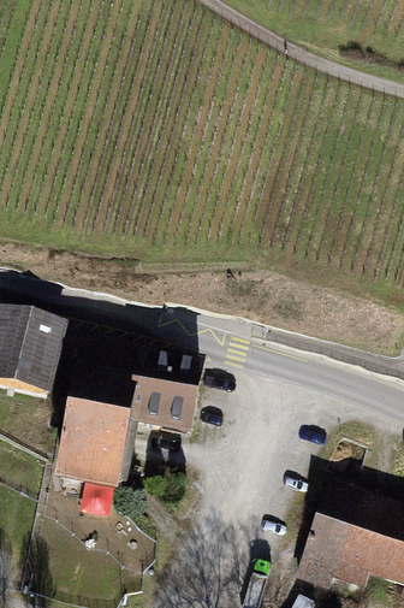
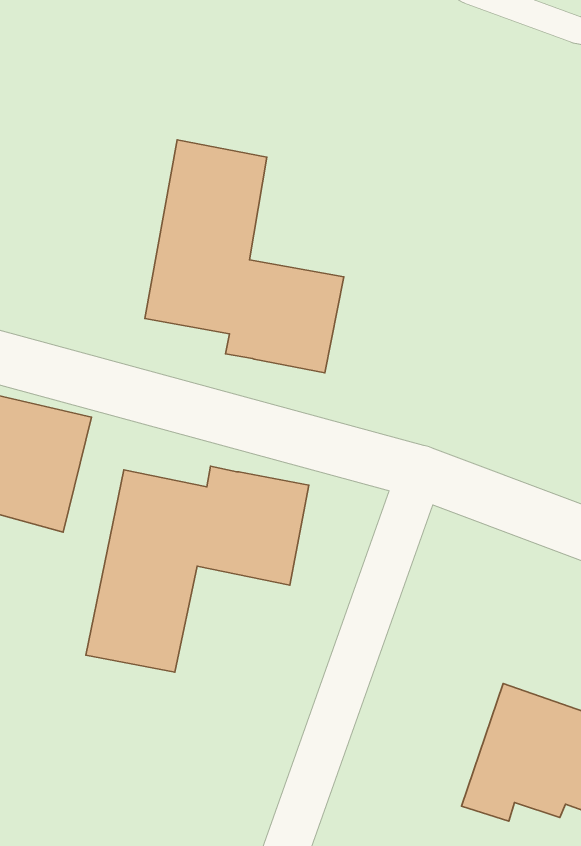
building: none -> [145,140,344,373]

